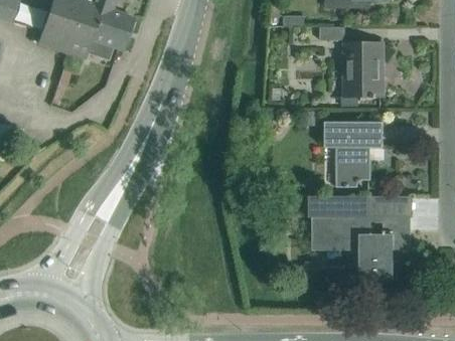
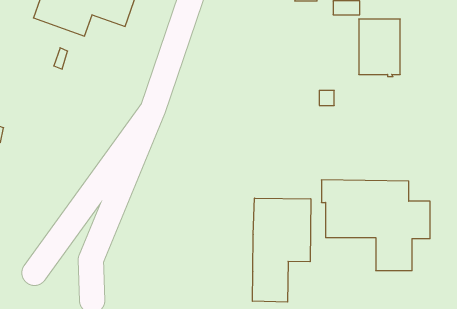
building: [323,121,383,187] -> none
building: none -> [252,198,311,302]

